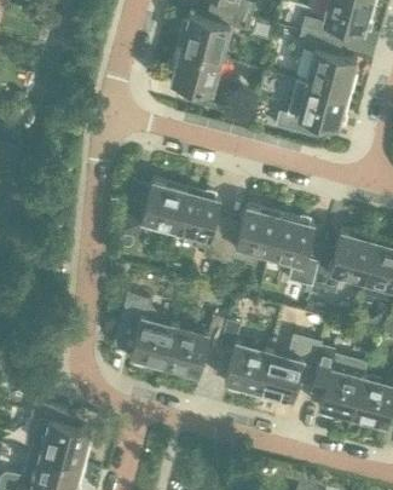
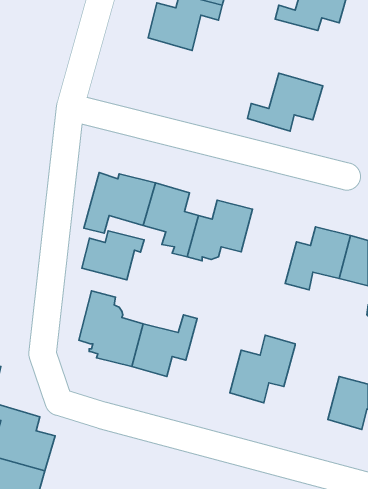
building: [297,33,357,97] -> none
building: [171,51,230,115] -> none
building: [270,215,323,287] -> none
building: none -> [82,231,144,280]
building: [216,321,270,392] -> none
building: [311,346,366,417] -> none

